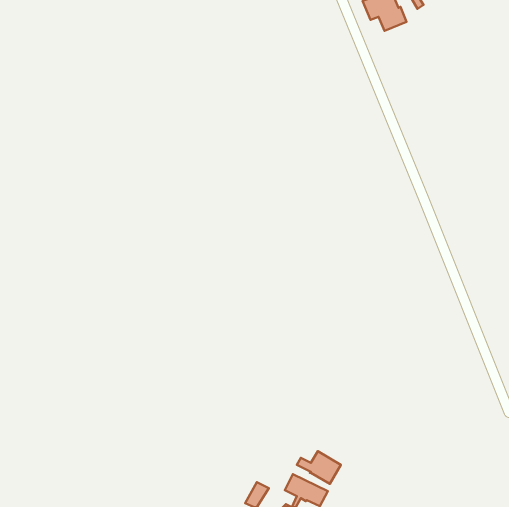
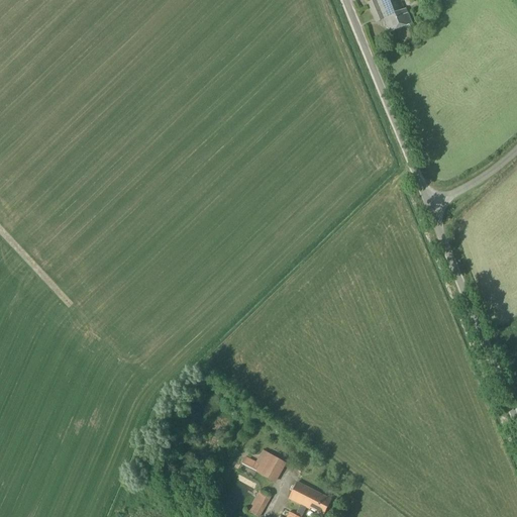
building: [297,451,341,484] -> [242,448,287,482]

